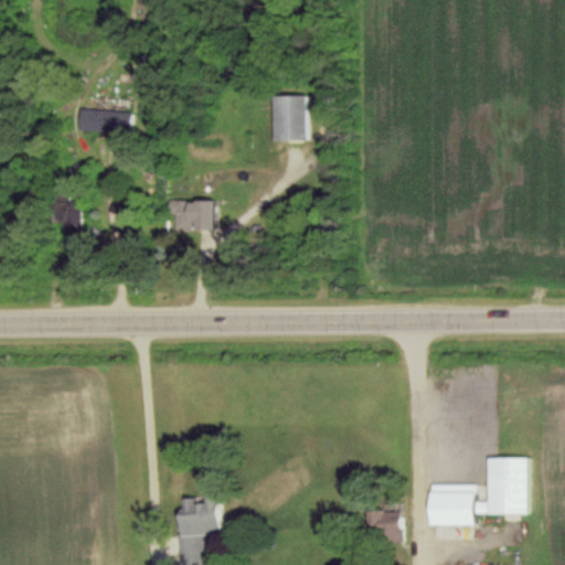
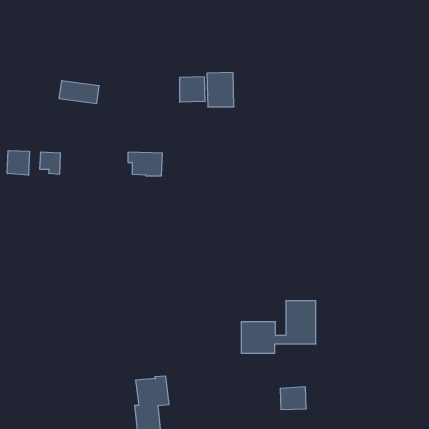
building: none -> [180,77,205,102]
building: none -> [7,151,29,175]
building: [429,456,527,524] -> [241,301,316,353]

